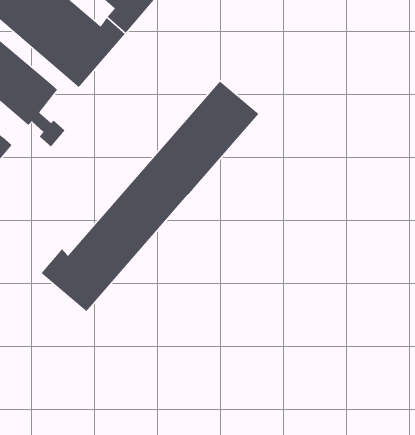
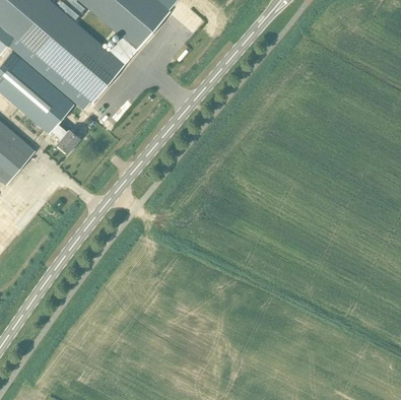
building: [41,80,260,312] -> none

